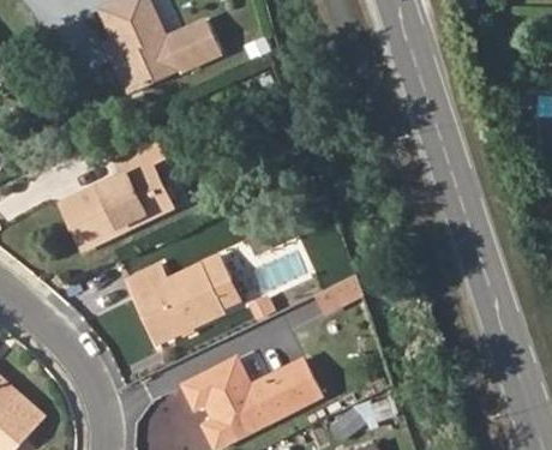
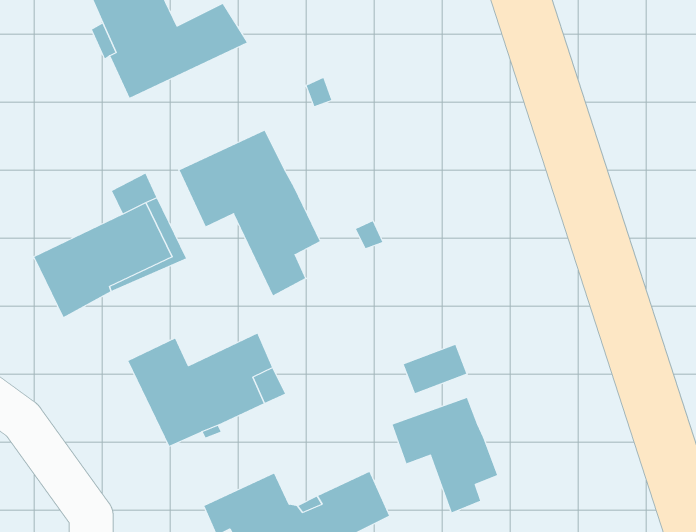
building: none -> [179,130,321,296]
building: none -> [392,397,498,513]

